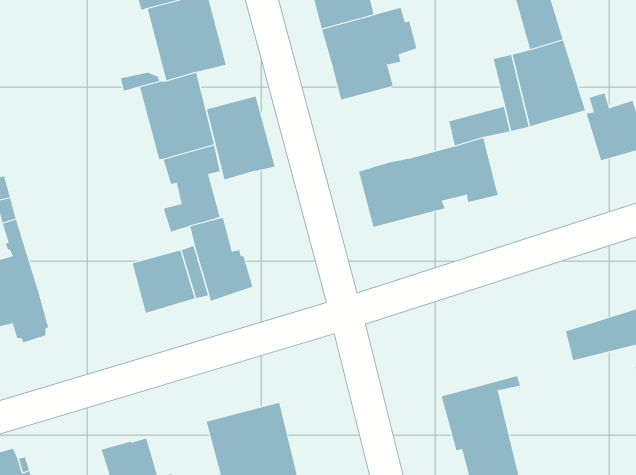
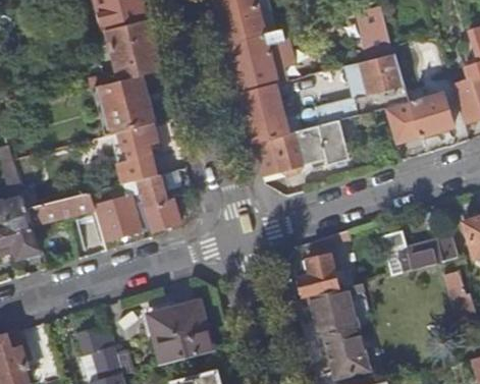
building: [206,96,276,180] -> [239,84,287,142]
building: none -> [383,100,419,143]
building: none -> [26,191,95,224]
building: none -> [298,251,337,293]

